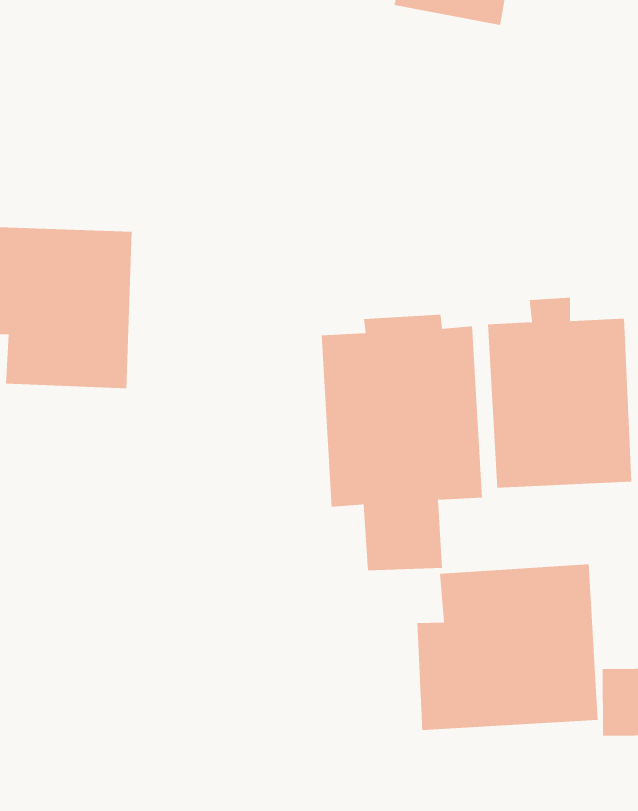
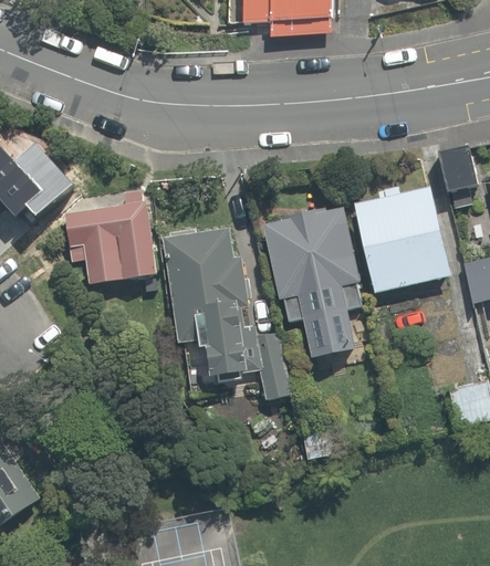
building: none -> [165,222,288,399]
building: [417,563,598,731] -> none

